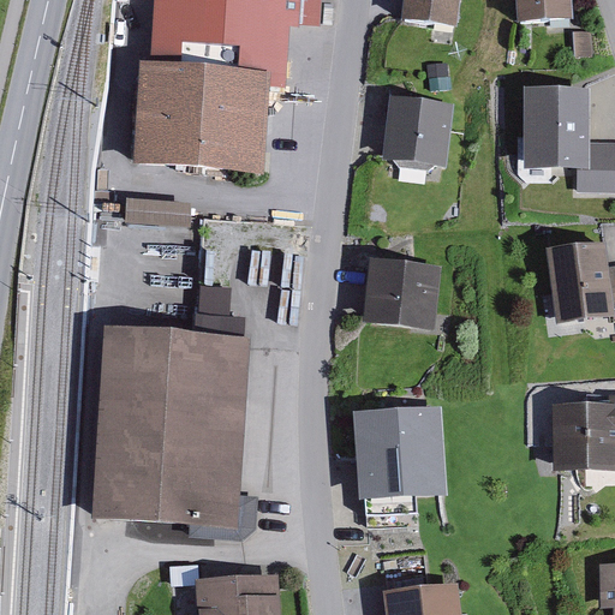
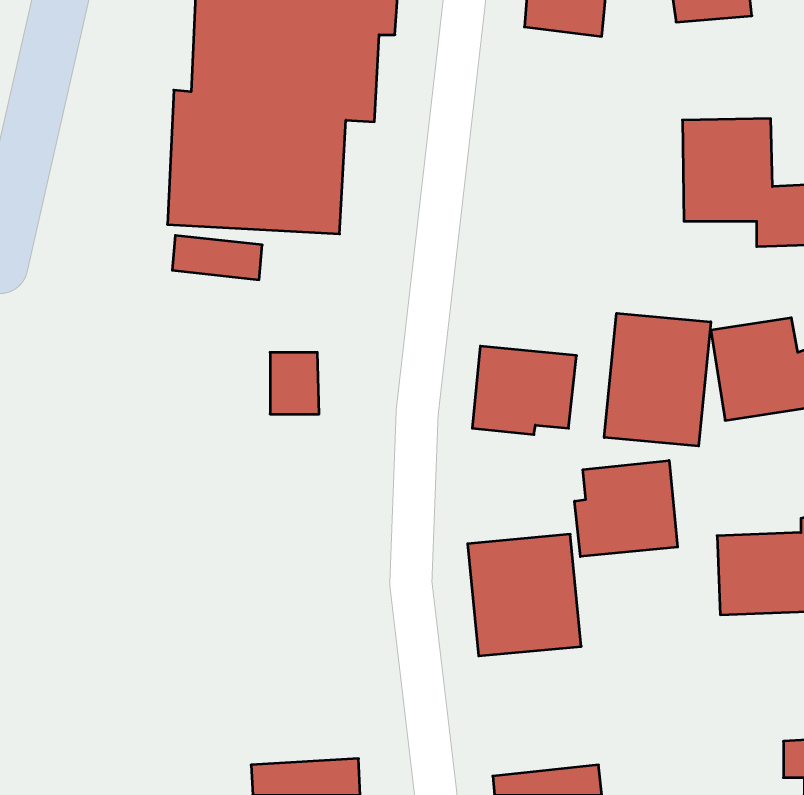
building: [384,98,458,161] -> none
building: none -> [604,313,711,446]
building: [94,324,255,520] -> none
building: none -> [575,460,678,557]

